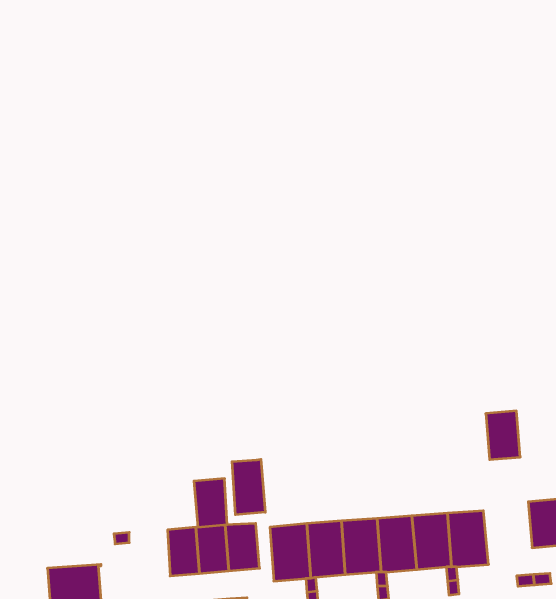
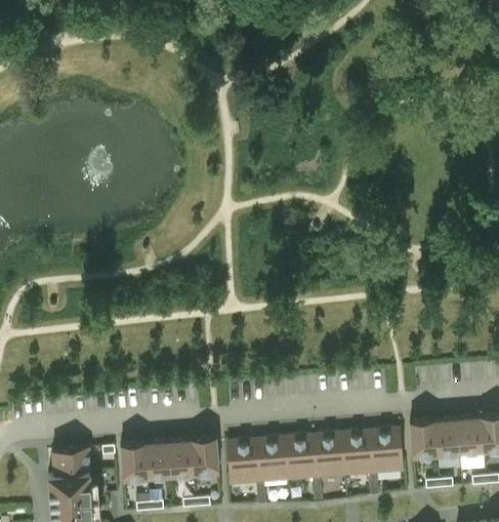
building: [486,411,520,460] -> [410,419,438,458]
building: [232,459,265,515] -> none
building: [194,479,227,527] -> [121,442,148,481]
building: none -> [49,446,92,473]

